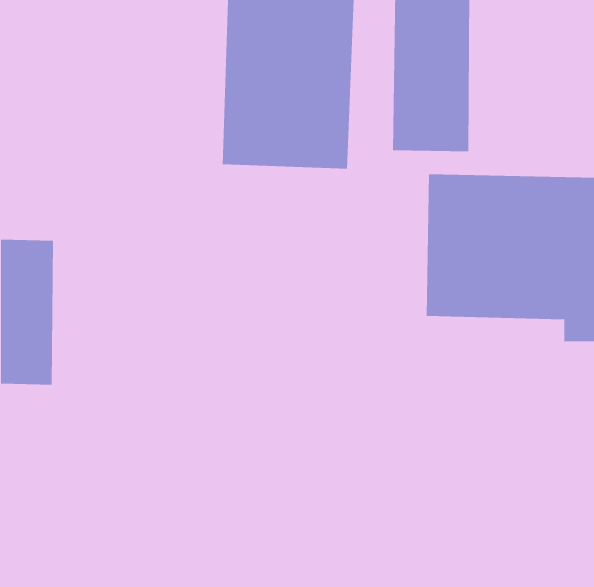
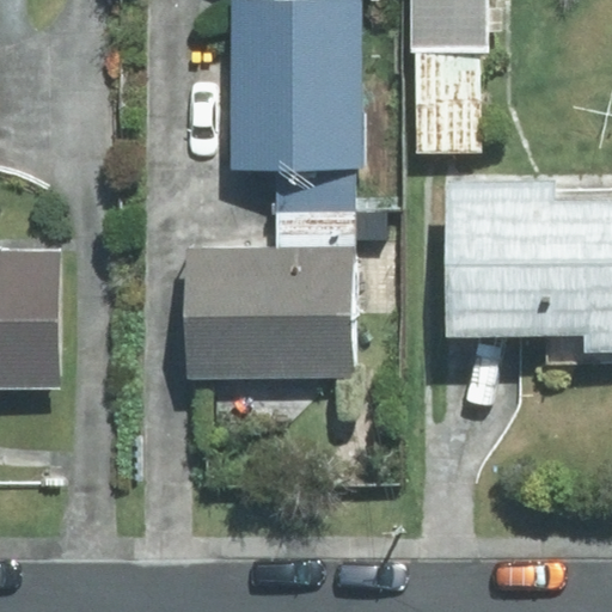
building: none -> [180,218,356,424]

